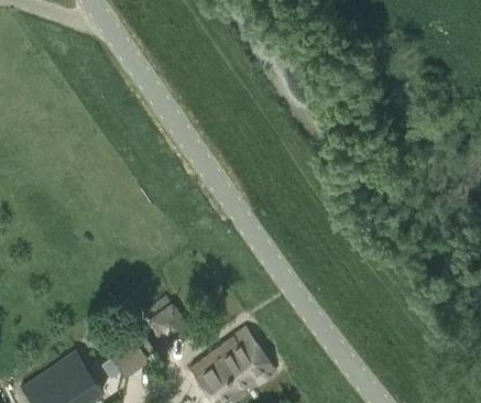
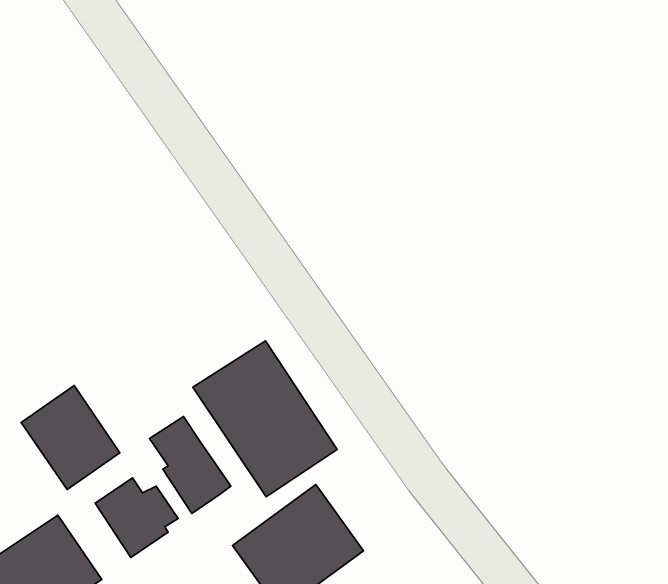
building: none -> [193,341,337,497]
building: none -> [21,386,120,490]

